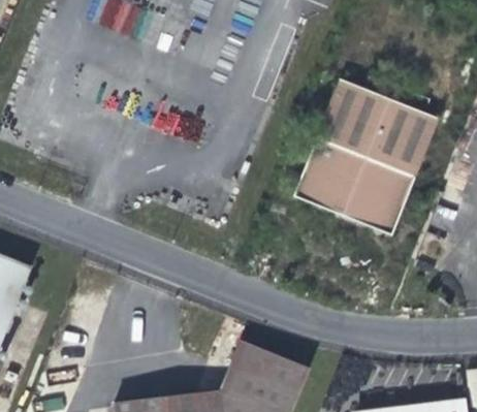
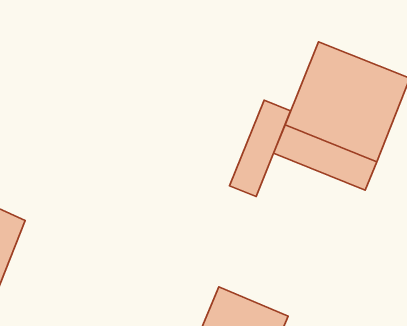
building: none -> [229,100,291,196]

